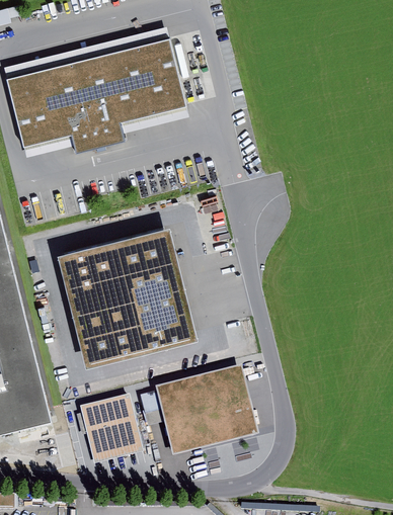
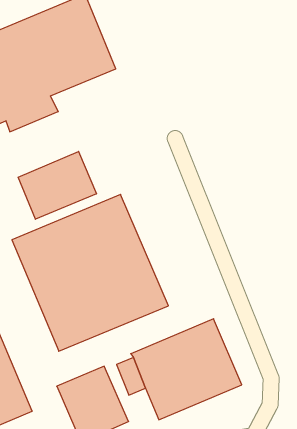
building: none -> [18,151,96,219]

